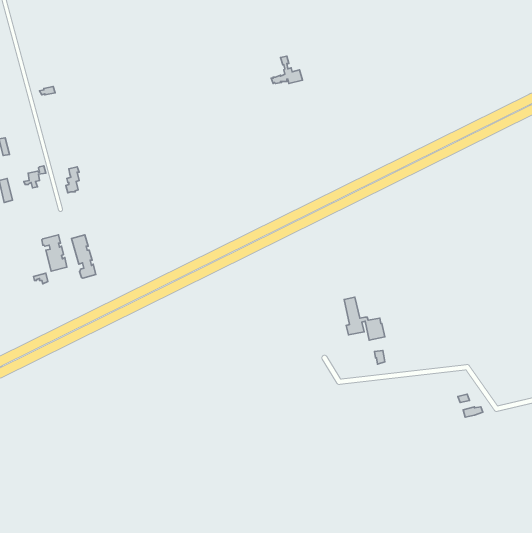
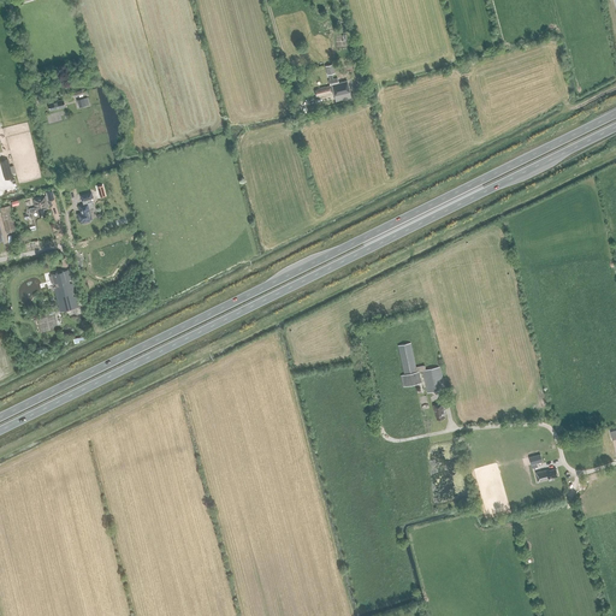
building: [72,235,96,278] -> none

